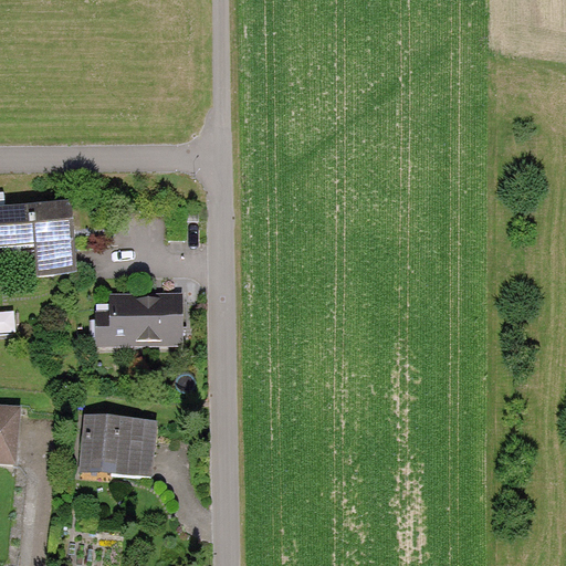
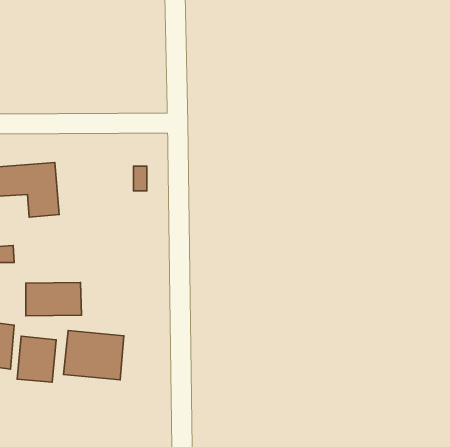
building: [111,297,180,339] -> [26,282,81,316]
building: none -> [17,336,56,382]

